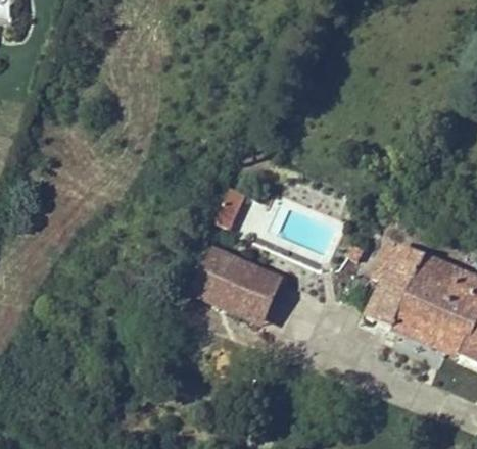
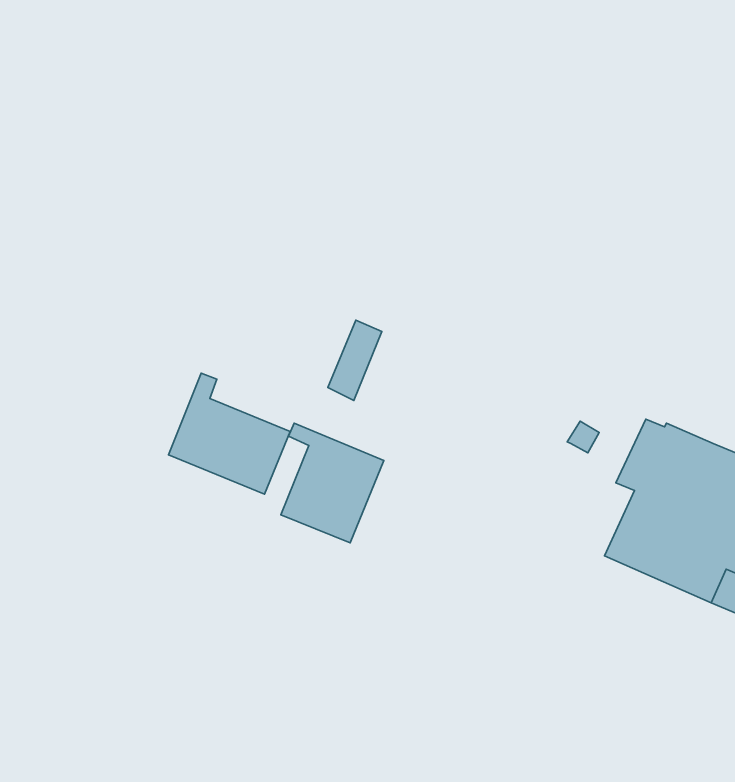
building: none -> [169,373,290,494]
building: [228,263,280,322] -> none

